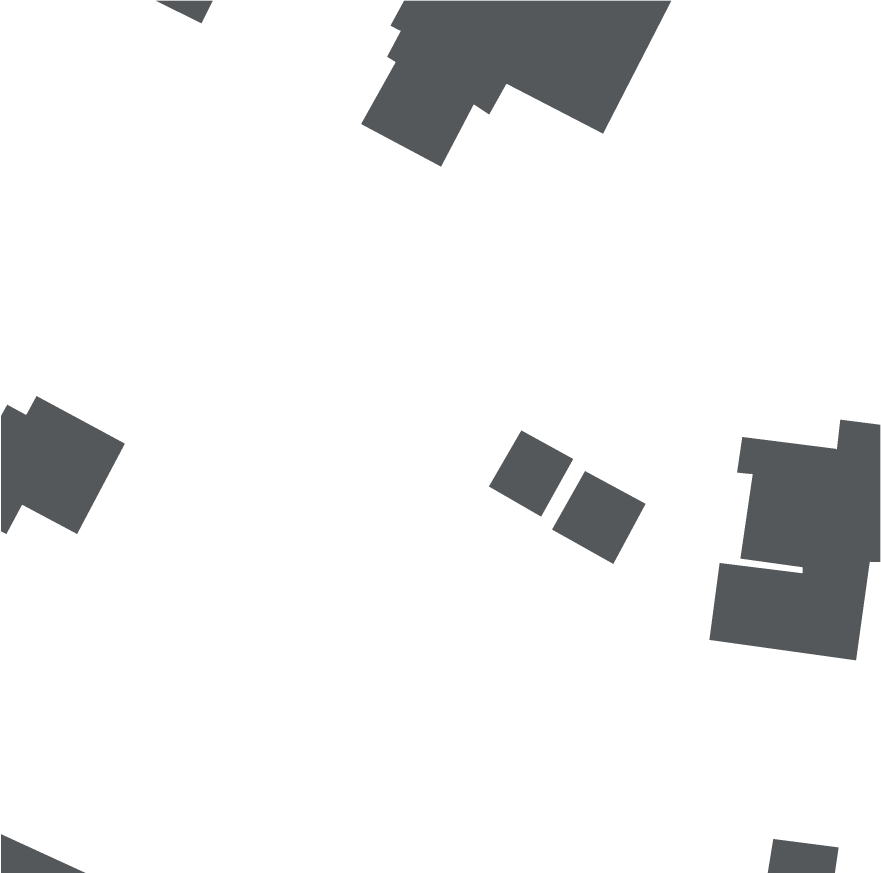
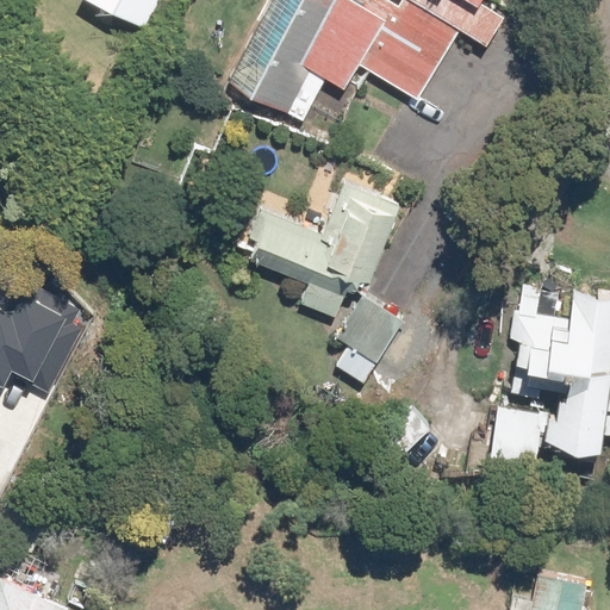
building: none -> [249,183,397,292]
building: [551,470,647,565] -> none

